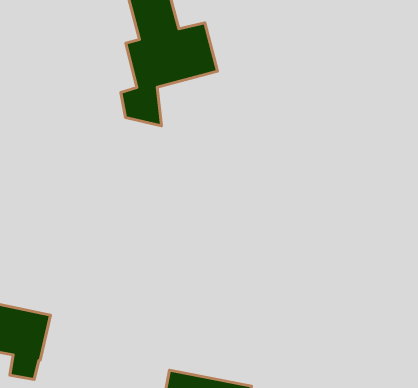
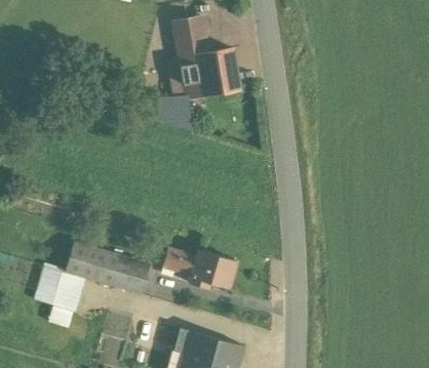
building: none -> [161,249,235,289]
building: none -> [66,242,150,293]

